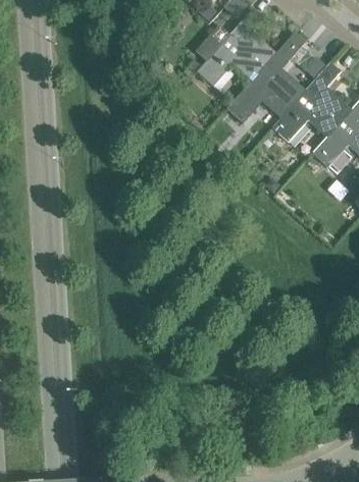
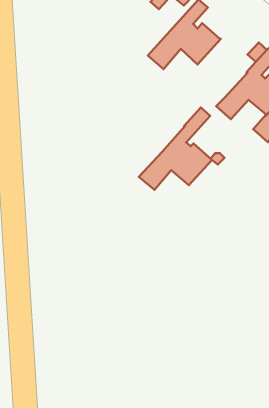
building: [225,32,306,122] -> [139,108,212,190]

